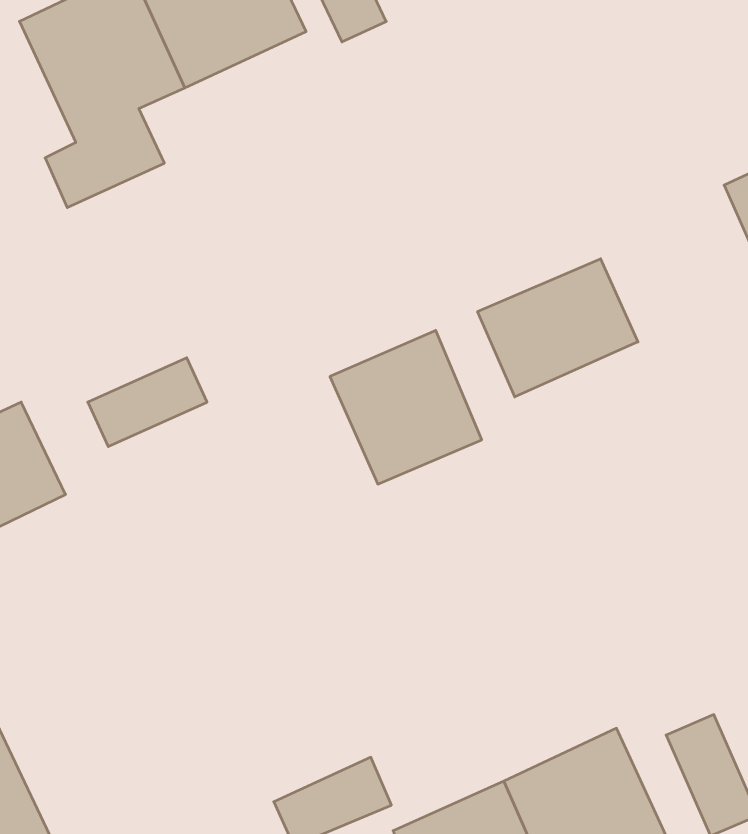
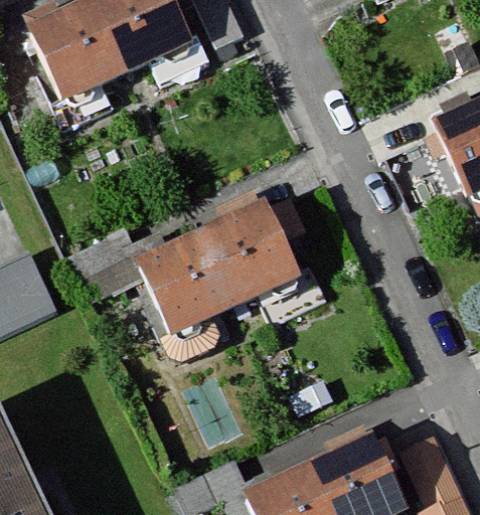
building: [478,259,638,397] -> none
building: none -> [142,238,238,331]

